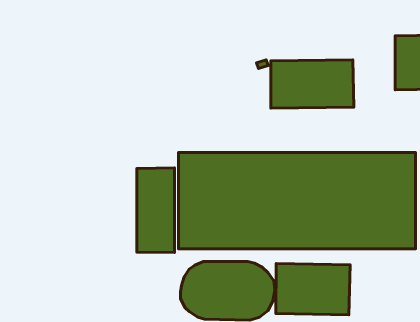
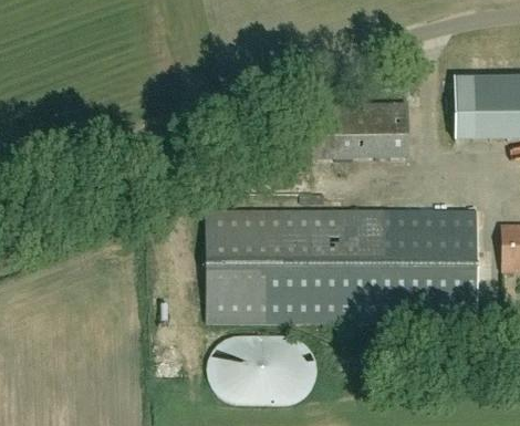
building: [137,168,174,253] -> none
building: [276,263,350,315] -> none

